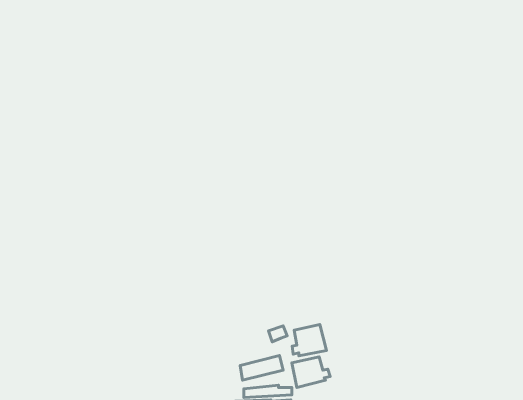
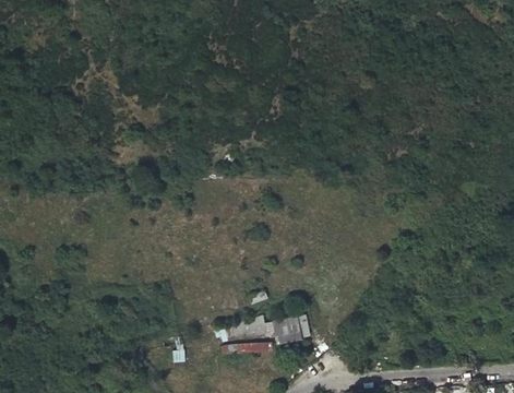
building: [292,324,326,356] -> none

